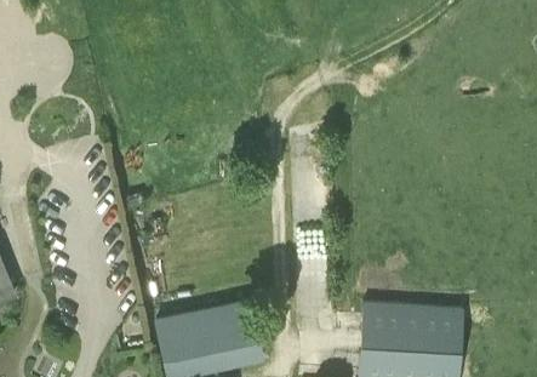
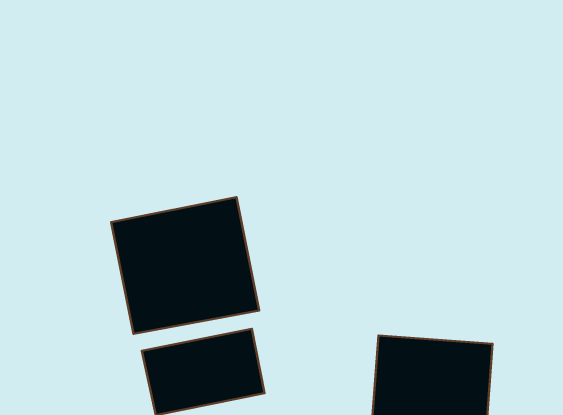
building: none -> [111,197,259,334]

